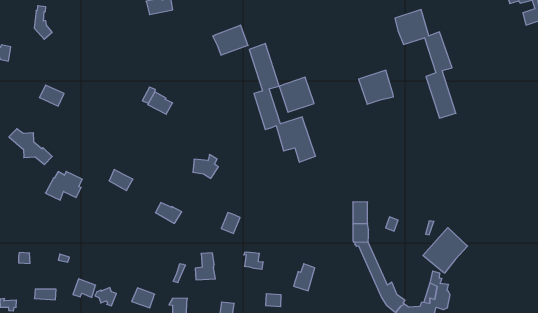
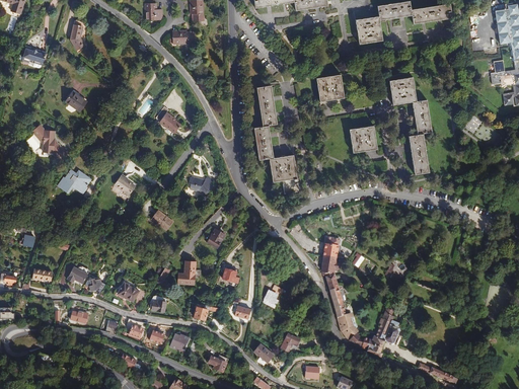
building: [213,25,248,55] -> none
building: [279,77,314,112] -> [316,73,345,101]
building: [423,228,468,273] -> none

